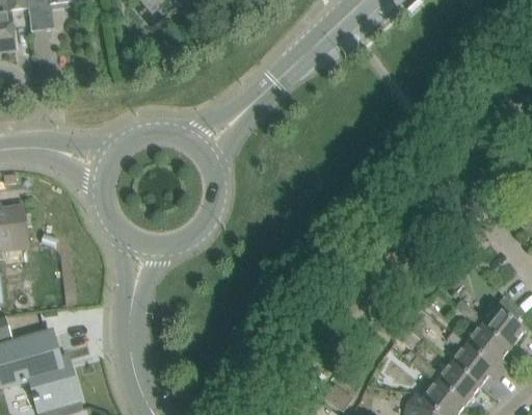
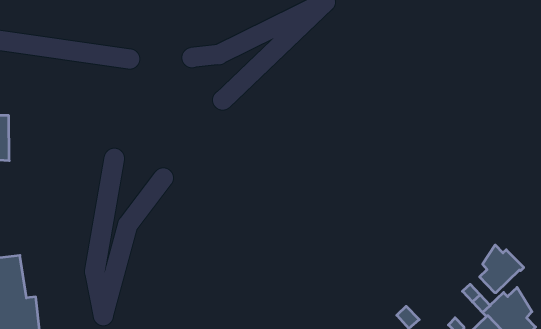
building: none -> [480,245,524,293]

